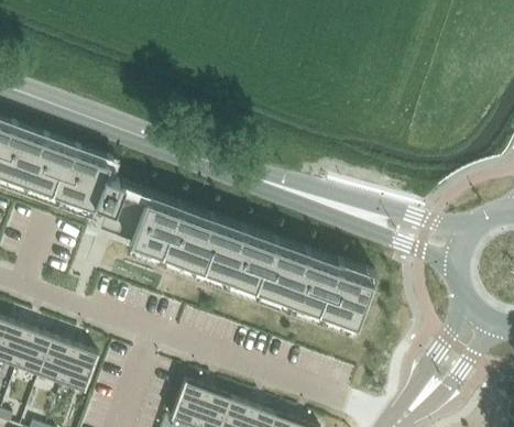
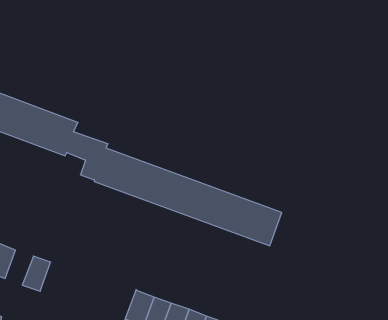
building: [15,330,52,375] -> none
building: [61,346,97,392] -> none

